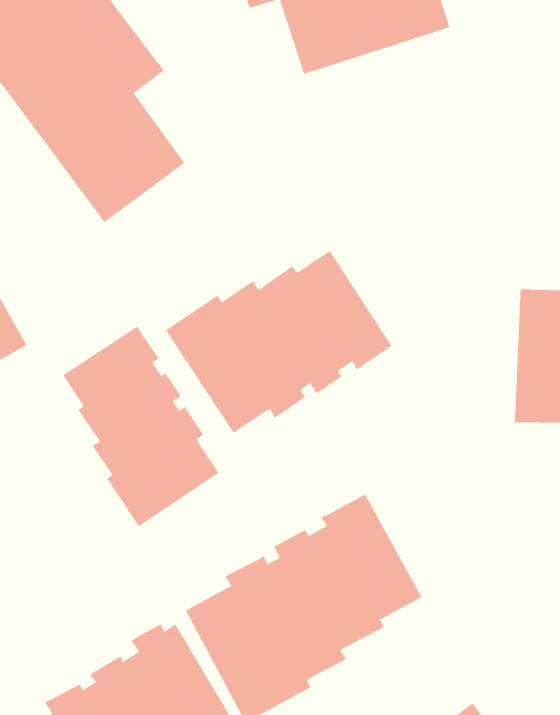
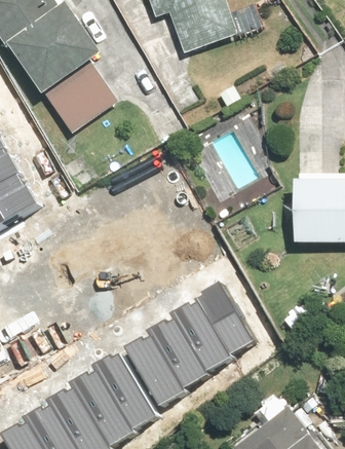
building: [165,250,392,433] -> none
building: [62,326,219,527] -> none

